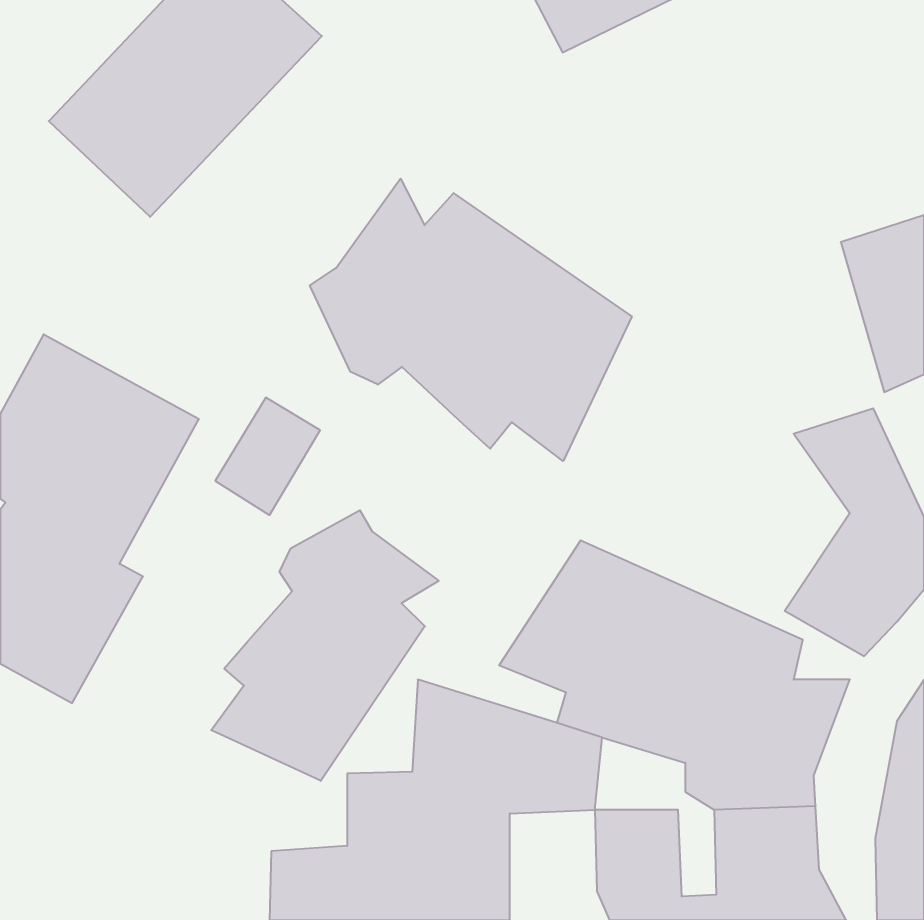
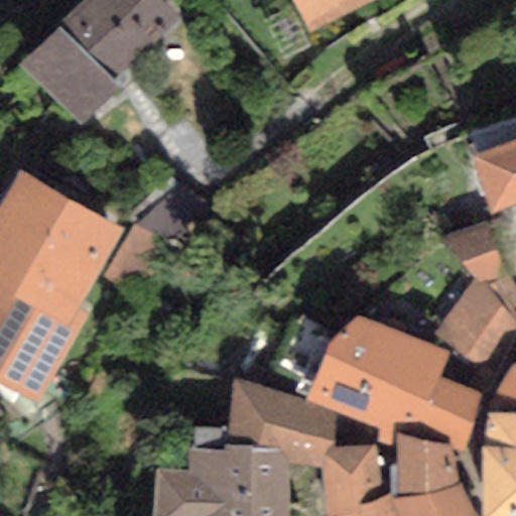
building: [310,179,632,461] -> none
building: [211,510,439,781] -> none

